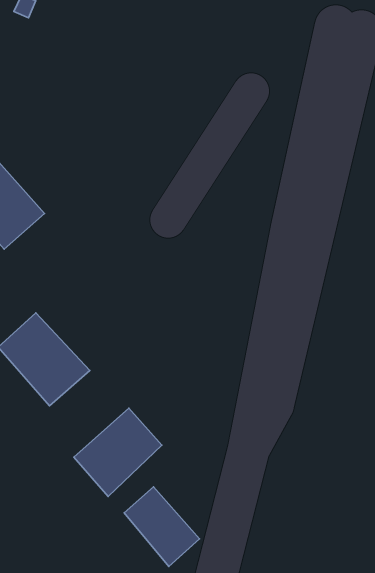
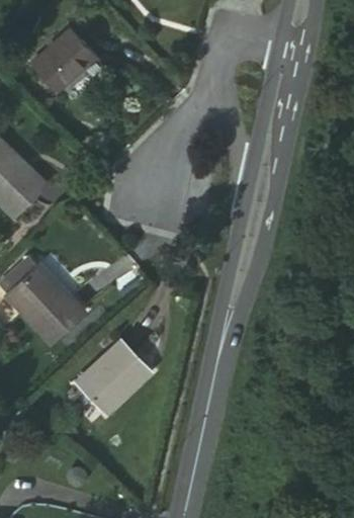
building: none -> [34,31,95,89]
building: [124,487,200,566] -> none

